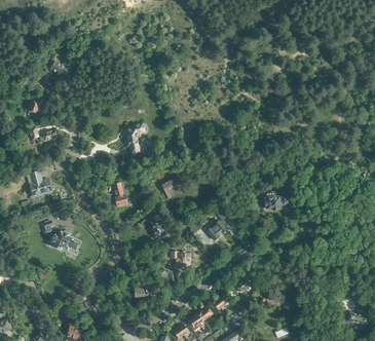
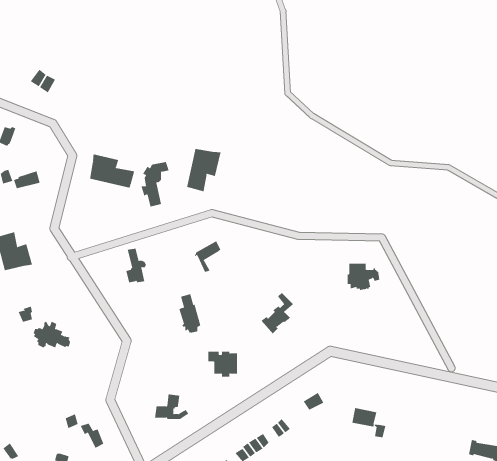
building: none -> [186,148,221,192]
building: none -> [89,153,135,188]

